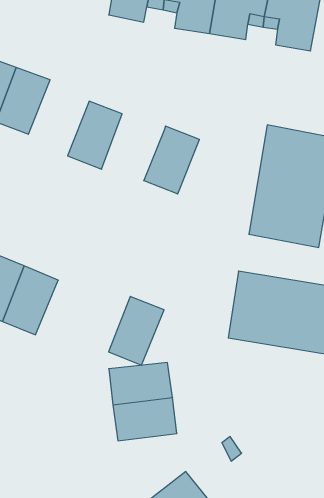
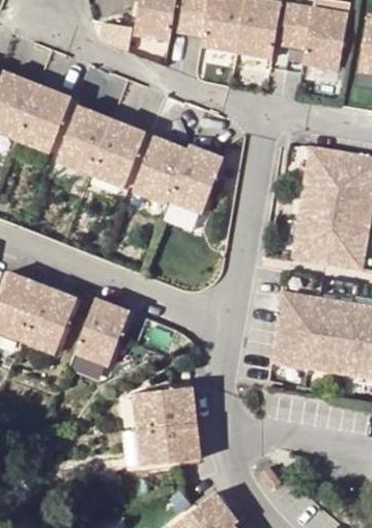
building: none -> [58,106,114,174]
building: none -> [134,136,190,204]
building: [109,296,164,365] -> [79,297,135,366]

